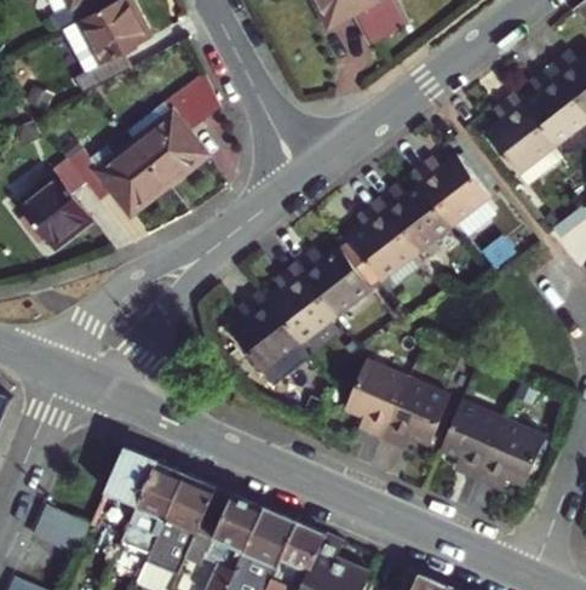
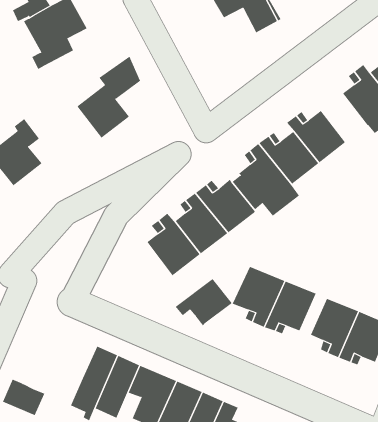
building: [67,147,166,218] -> none
building: none -> [175,278,232,326]
building: [108,448,160,505] -> none

